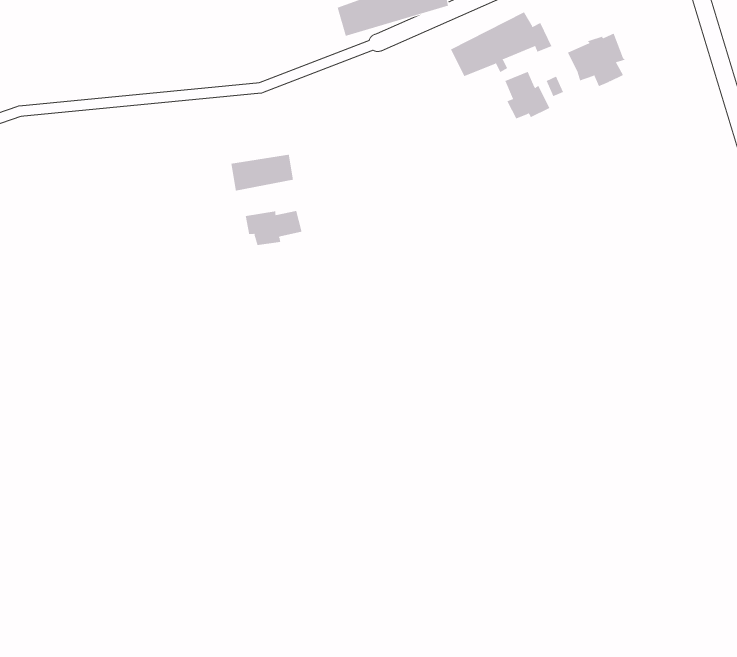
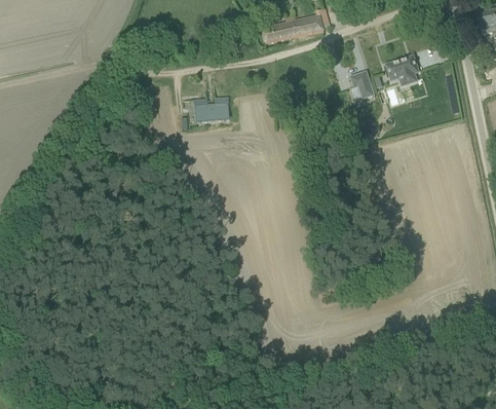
building: [450,11,552,77] -> none
building: [245,210,302,246] -> none

